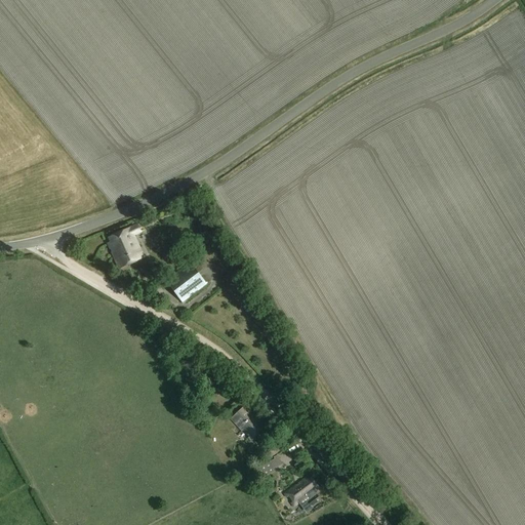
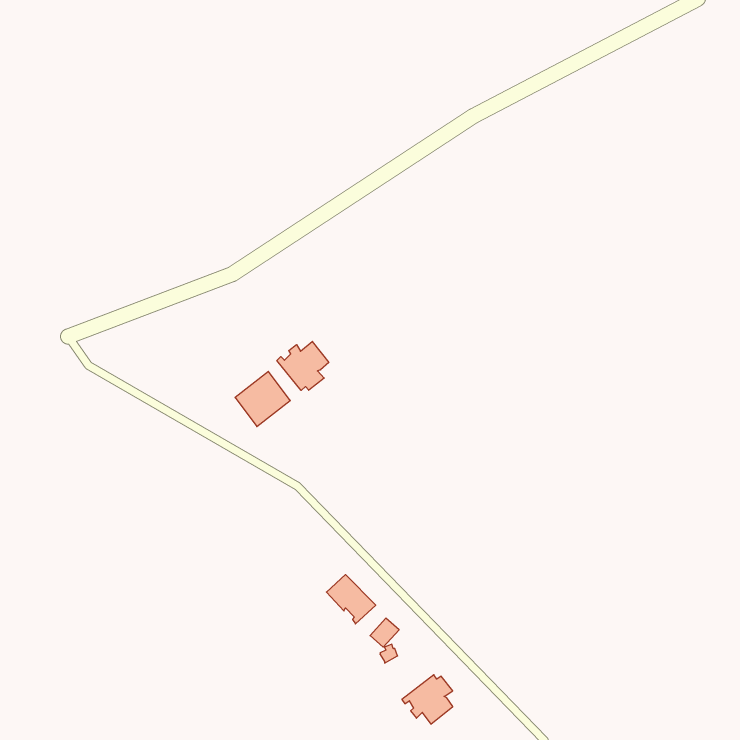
building: [107,226,143,269] -> none
building: none -> [277,341,329,390]

